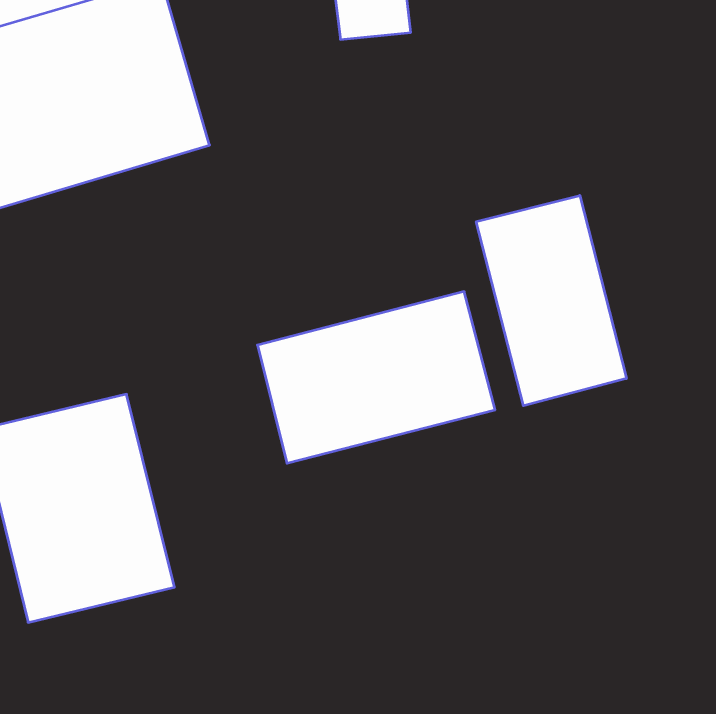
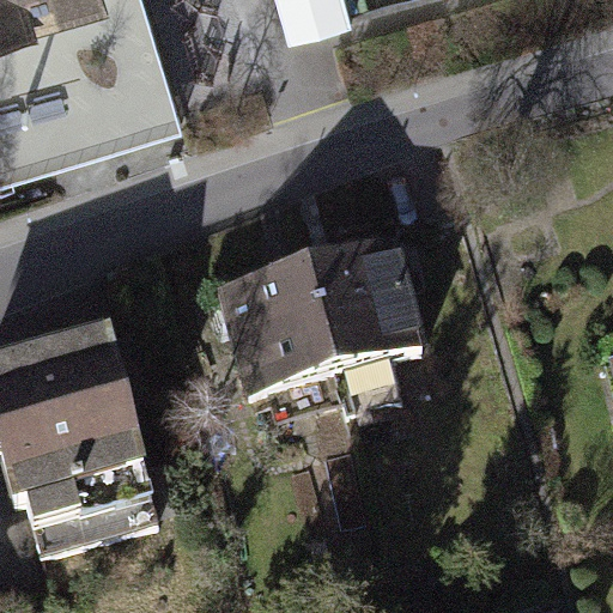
building: [476,195,626,406] -> none

